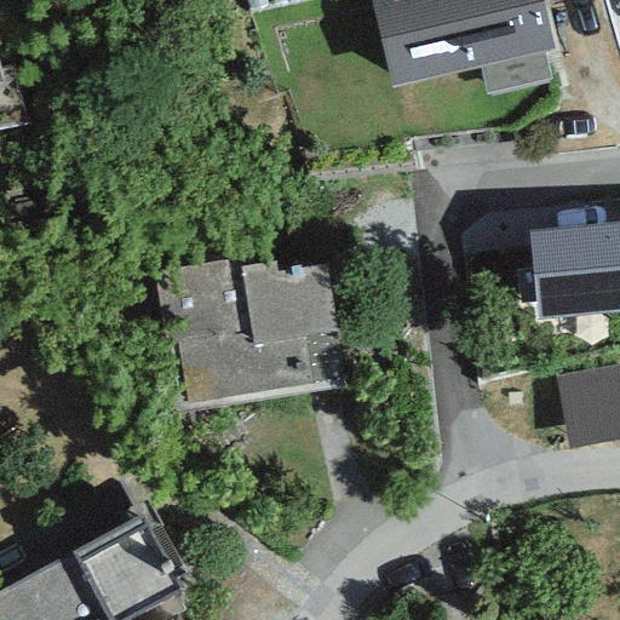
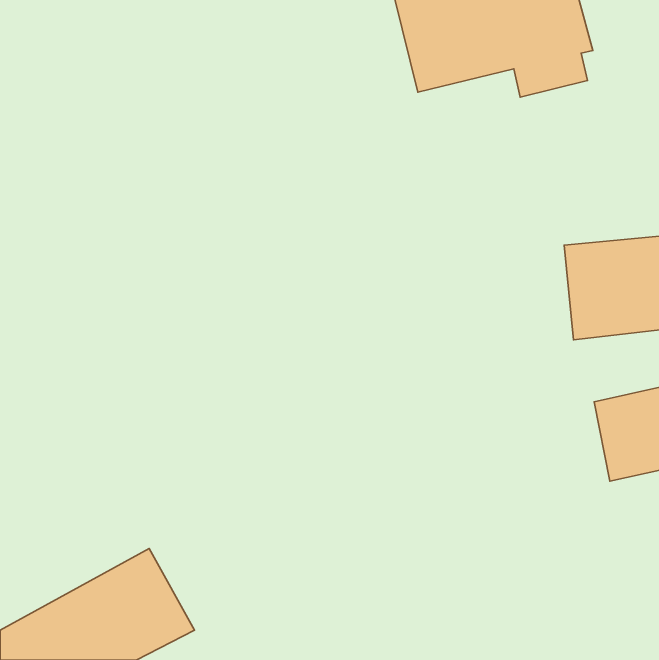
building: [157,258,348,412] -> none

